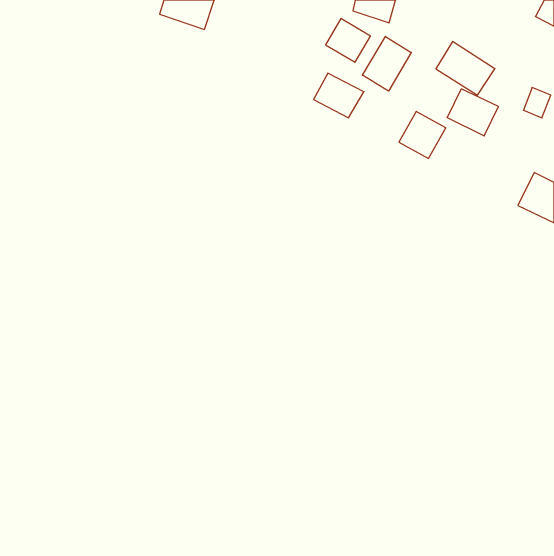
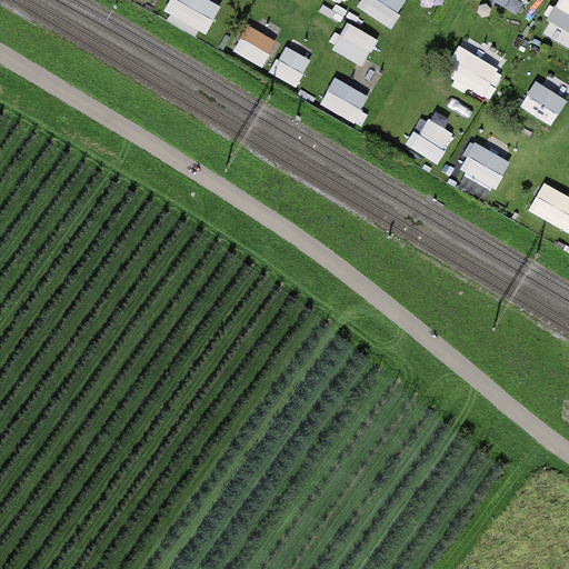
building: none -> [231,22,276,67]
building: [362,36,411,91] -> none
building: none -> [269,44,310,87]
building: [447,89,498,136] -> [458,141,510,189]

